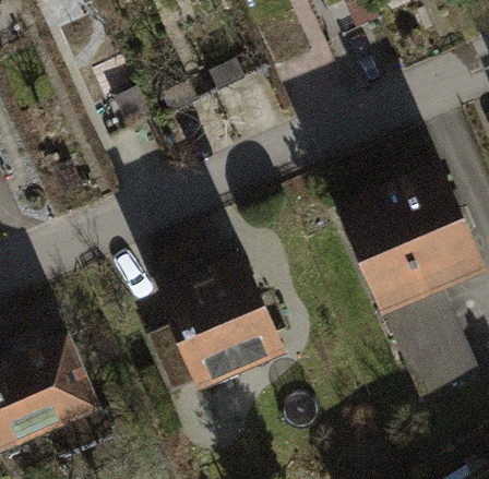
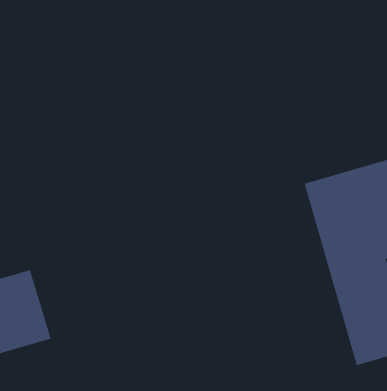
building: [150,258,282,394] -> none

